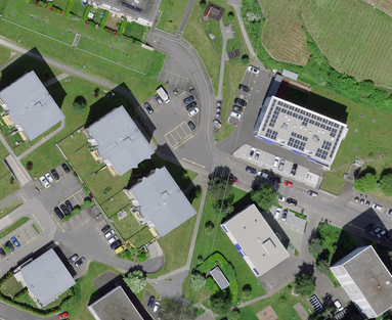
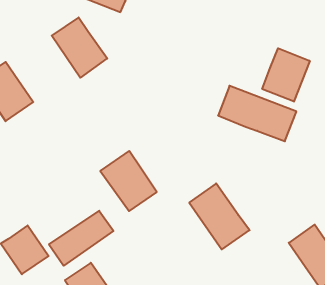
building: none -> [262,48,310,102]
building: [89,109,148,174] -> [52,17,107,78]
building: none -> [49,211,113,266]

